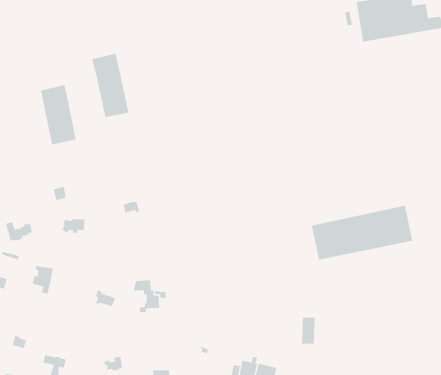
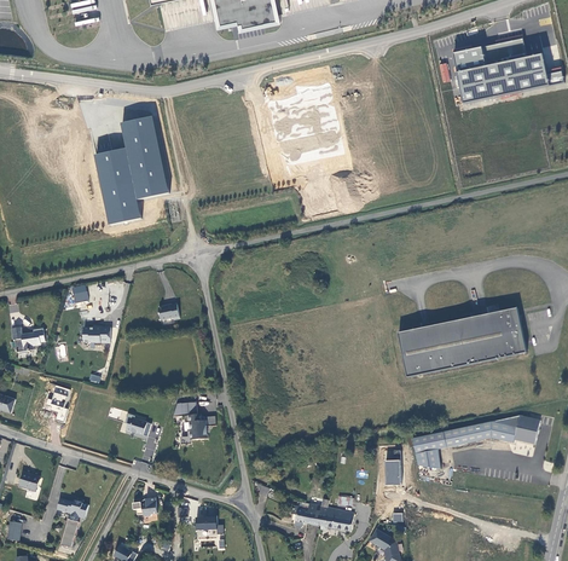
building: [40,84,77,146] -> [93,146,139,224]
building: none -> [411,416,540,469]

